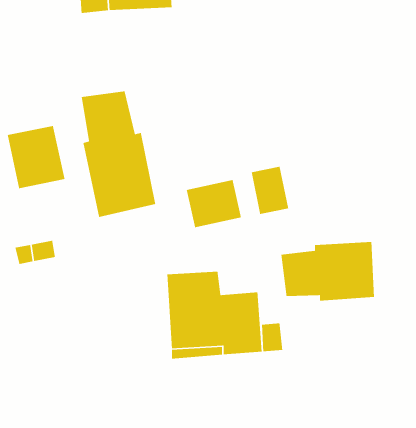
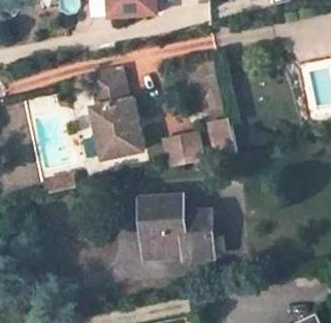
building: [7,125,65,189] -> none
building: [281,241,375,302] -> none

